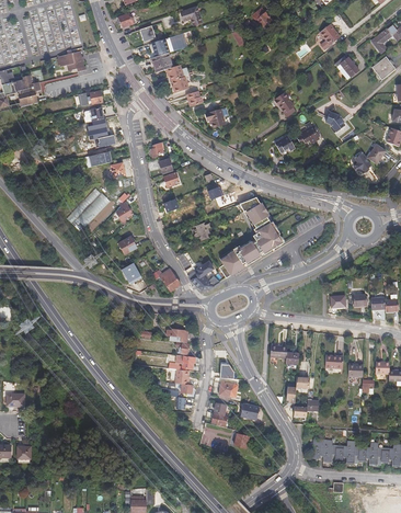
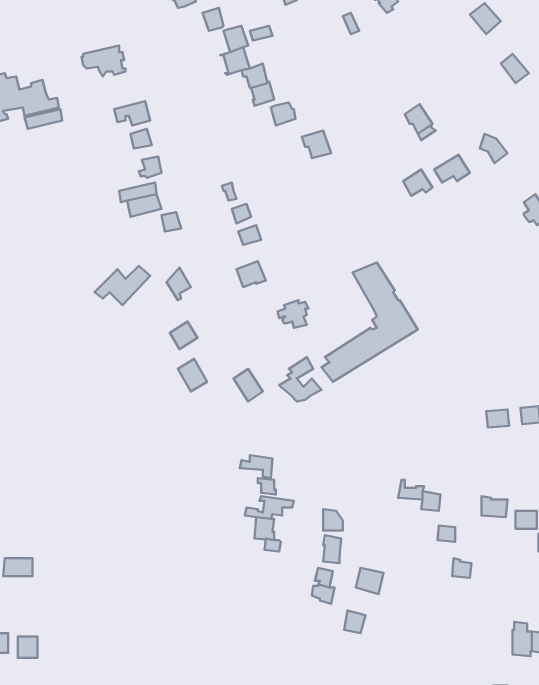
building: [317,437,347,459] -> none

